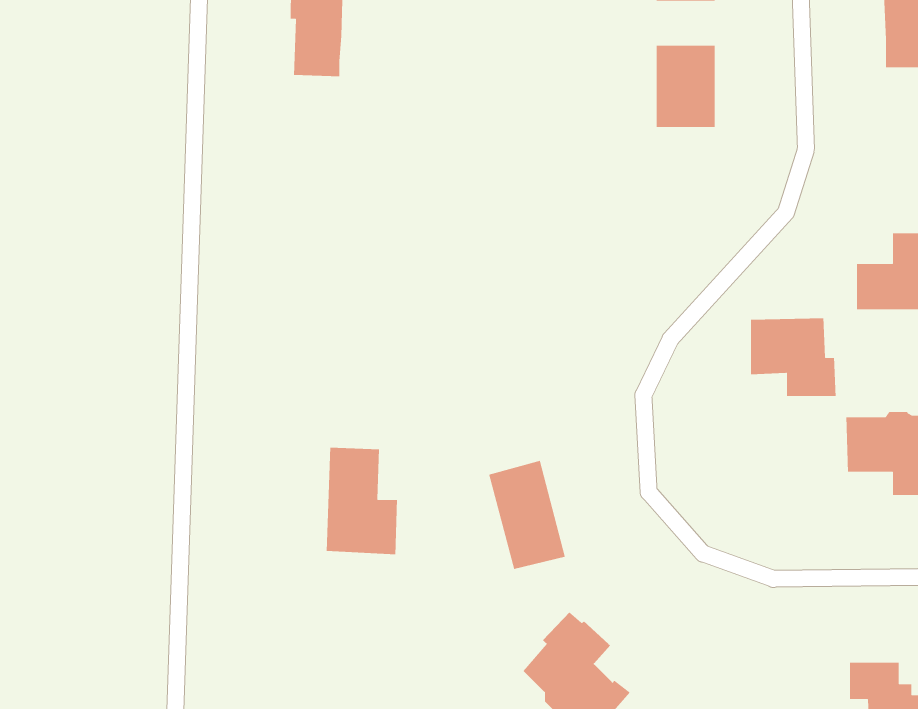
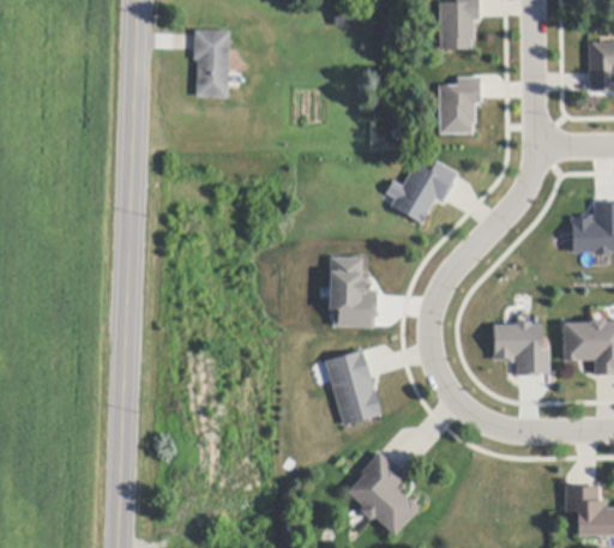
building: none -> [380,158,456,224]
building: [750,318,837,397] -> [492,321,549,374]
building: [326,447,398,555] -> [327,255,375,327]

